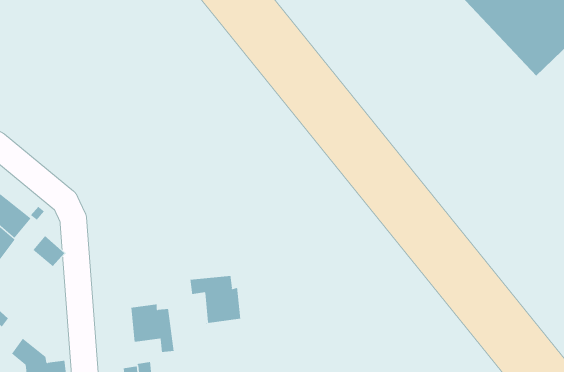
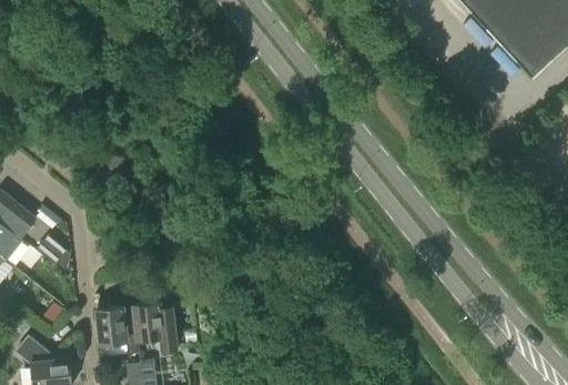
building: [190,275,241,326] -> none
building: none -> [95,305,138,354]

